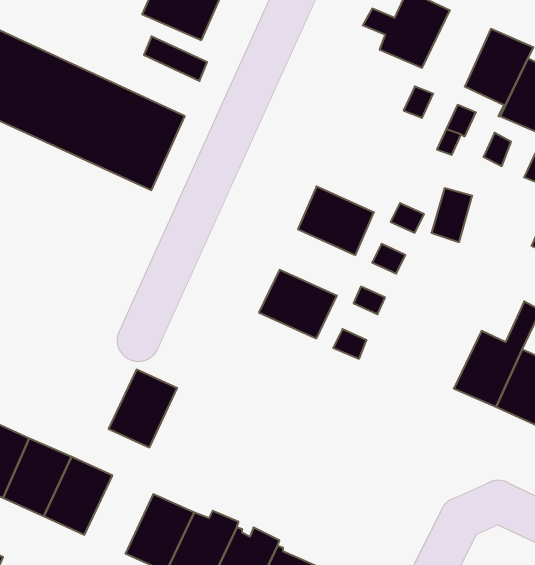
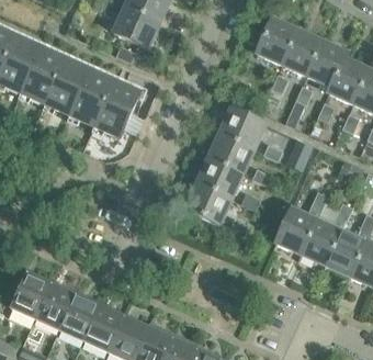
building: none -> [282,30,323,75]
building: none -> [219,109,265,149]
building: none -> [197,159,242,199]
building: none -> [275,191,328,254]
building: [109,370,177,447] -> [82,305,123,351]

